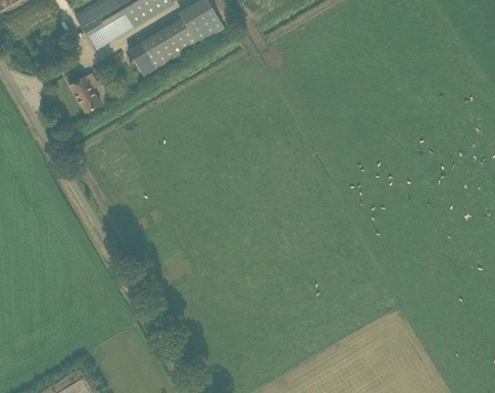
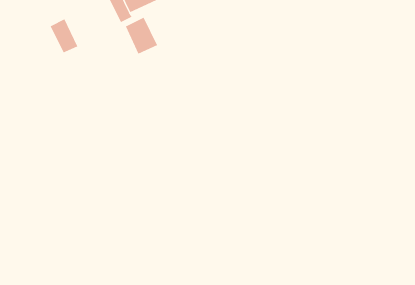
building: none -> [125,17,158,55]

